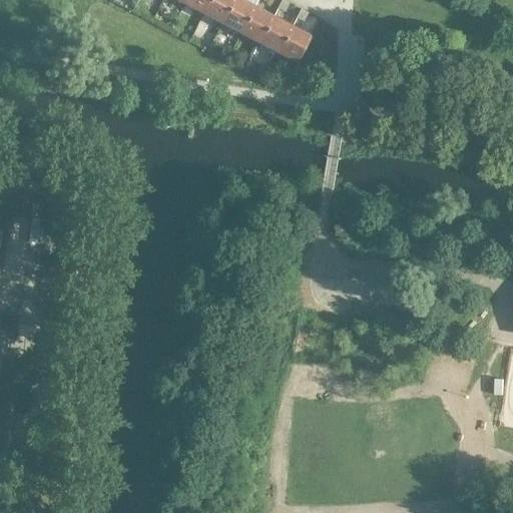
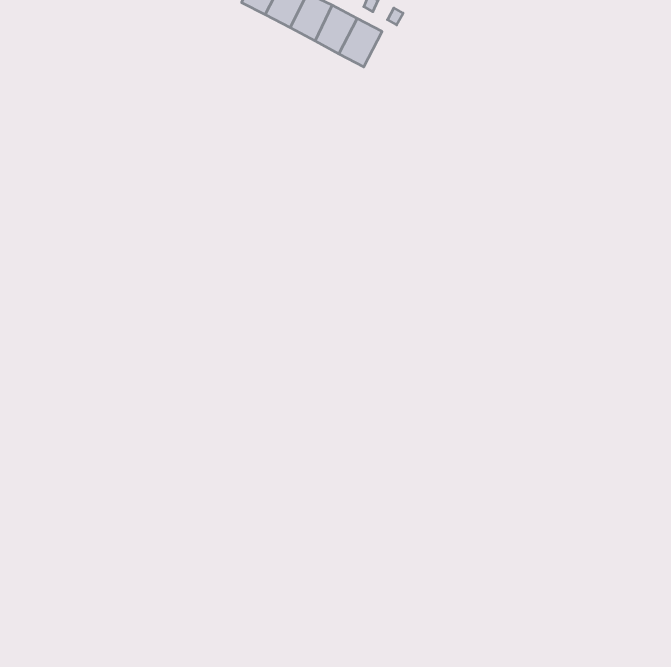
building: [278,24,311,61] -> none

